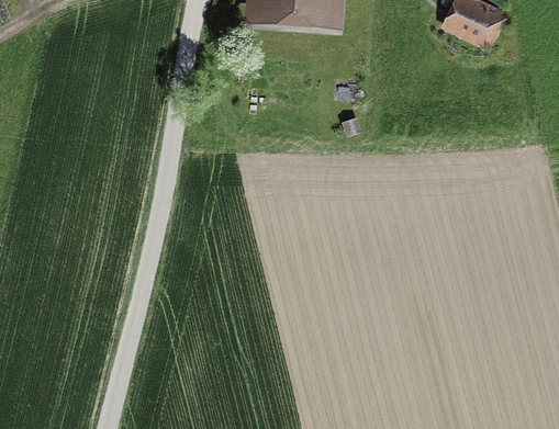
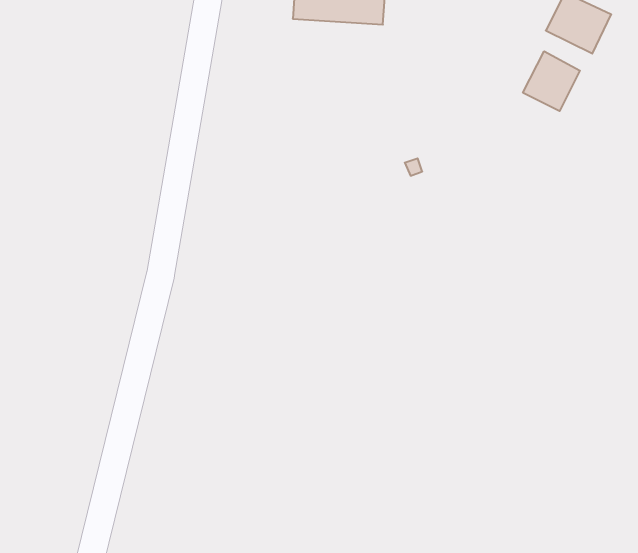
building: none -> [523,51,580,111]

